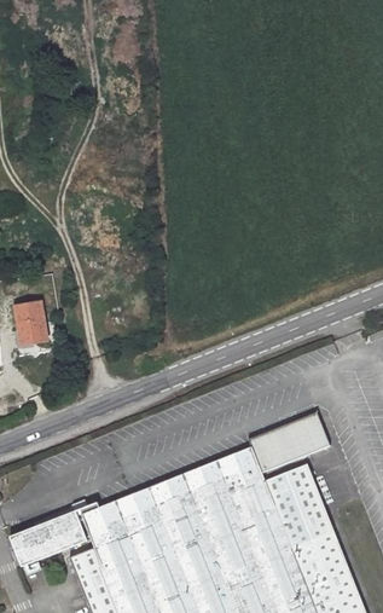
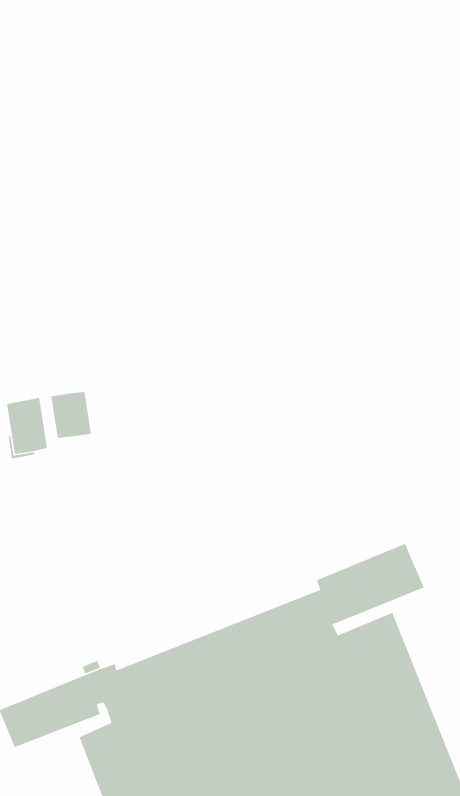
building: none -> [51,391,92,439]

